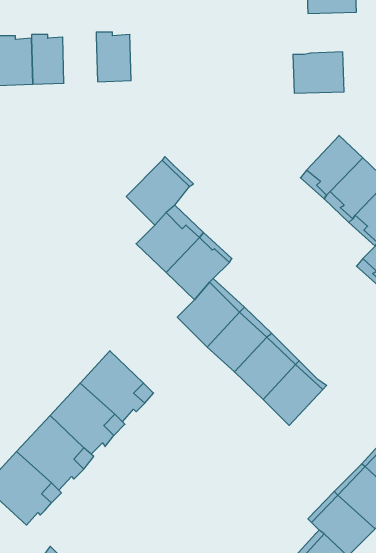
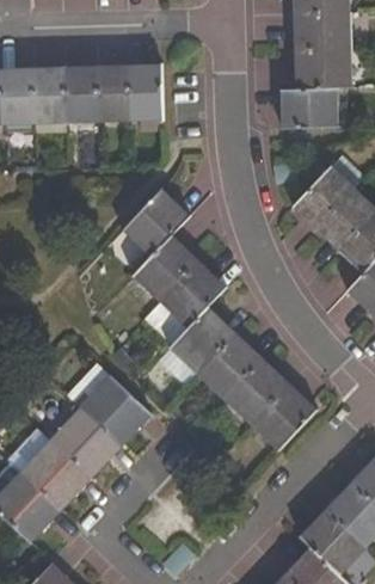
building: none -> [299,50,346,90]
building: none -> [128,68,161,116]
building: none -> [63,70,97,118]

